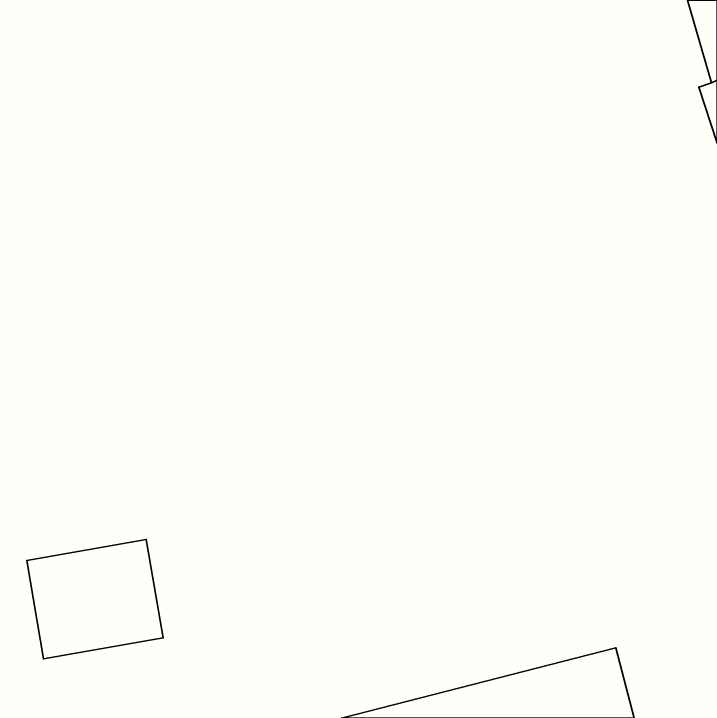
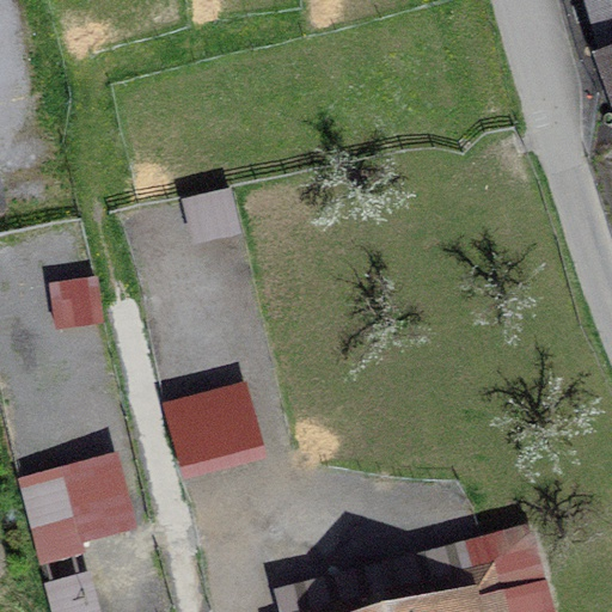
building: none -> [163,381,269,484]

